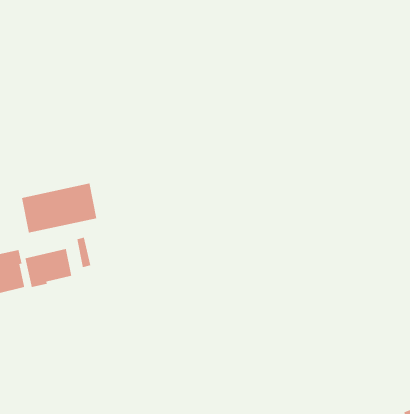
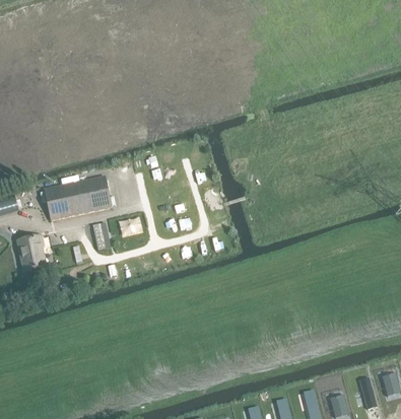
building: [25,248,72,288] -> none

